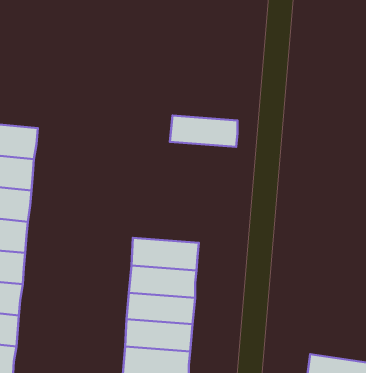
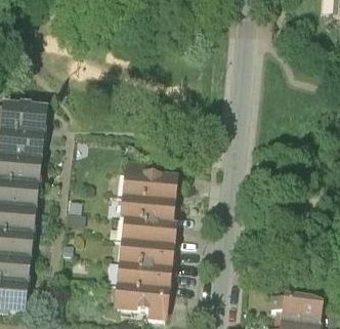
building: [170,116,237,147] -> [122,178,177,204]

